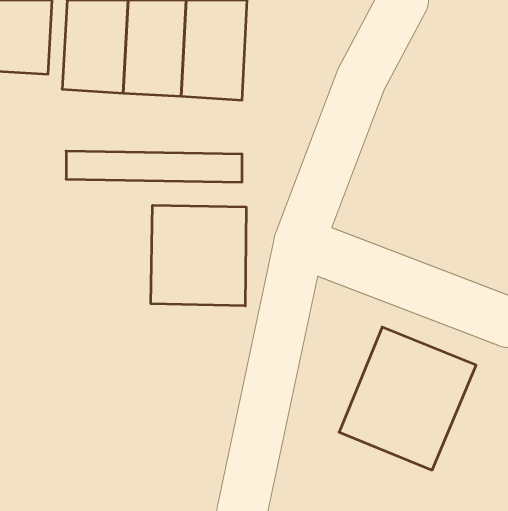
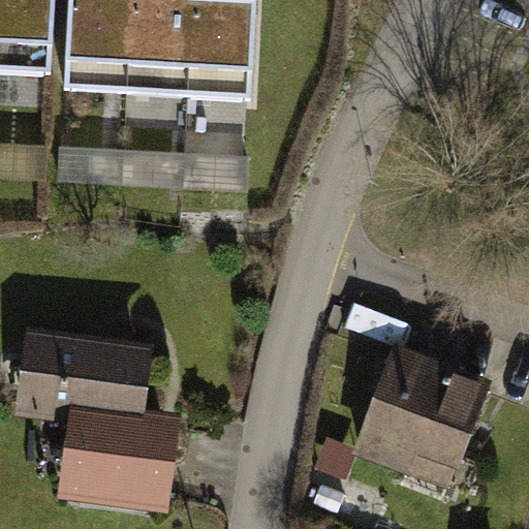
building: [151,205,246,306] -> none
building: none -> [12,322,180,509]

